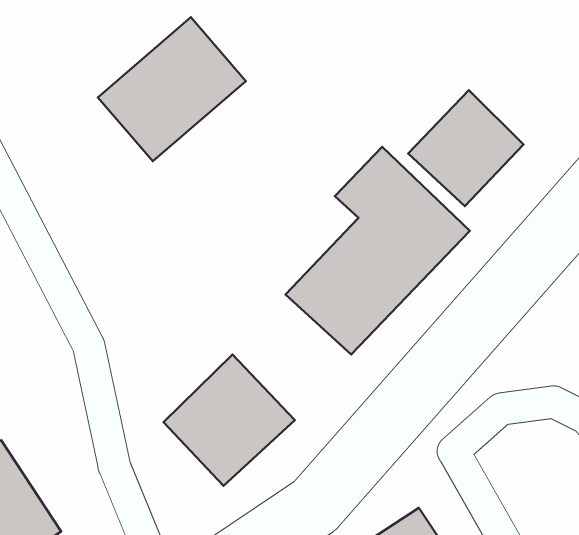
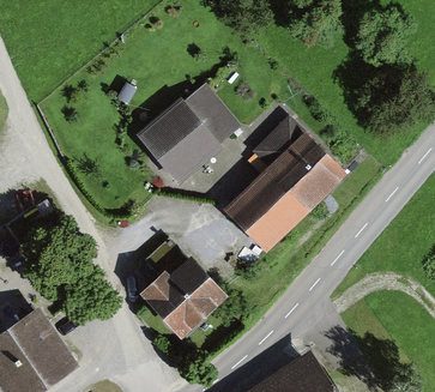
building: [98,17,246,161] -> [140,85,237,180]
building: [408,90,524,206] -> none

